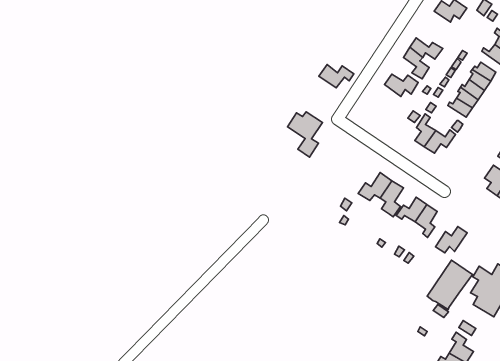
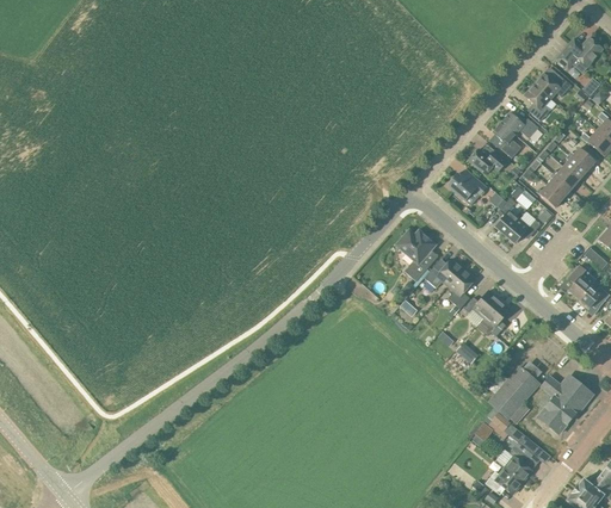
building: none -> [525,85,551,123]
building: [319,64,354,88] -> [448,173,487,200]
building: [288,112,322,157] -> [397,230,437,281]
building: [436,226,467,253] -> none

